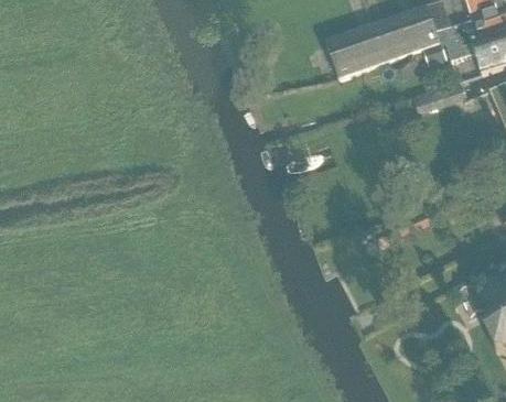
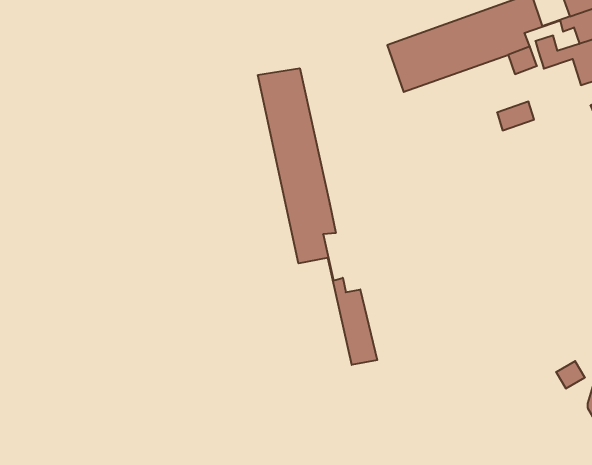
building: none -> [258,68,377,365]

